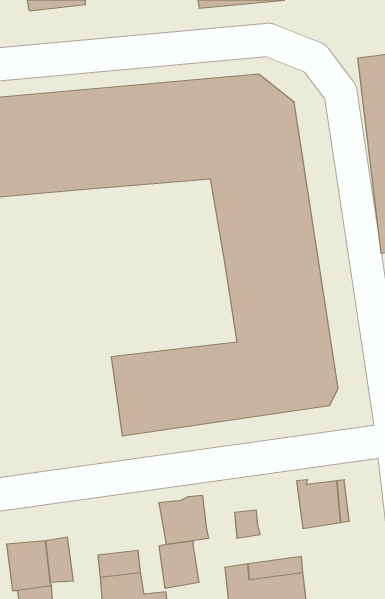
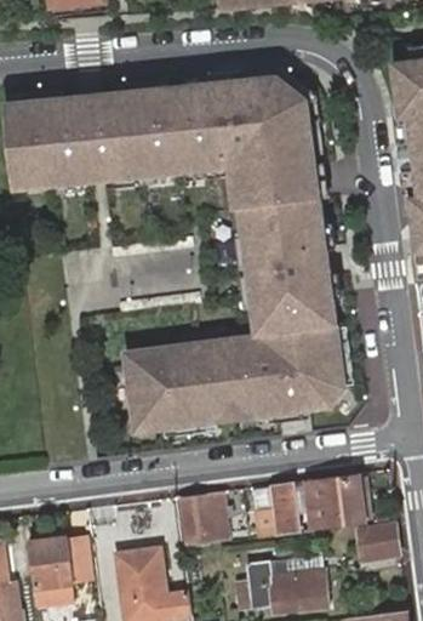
building: none -> [273,486,318,532]
building: none -> [356,524,398,564]
building: [159,541,199,589] -> none

